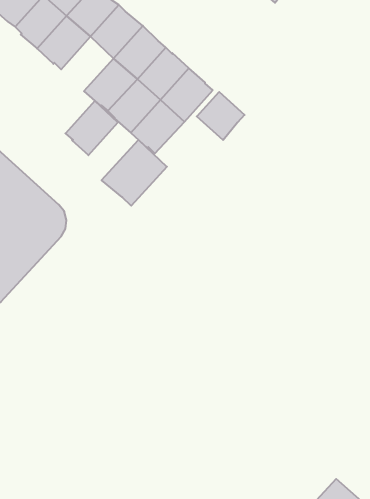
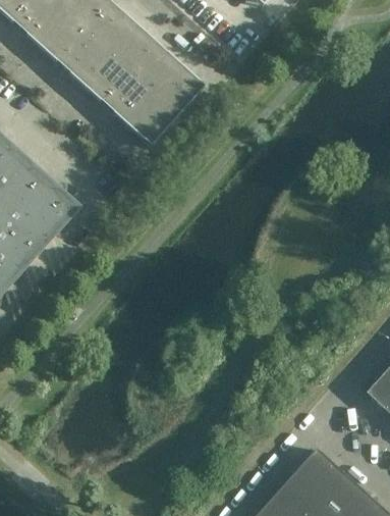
building: [197,92,245,140] -> none
building: [65,101,118,155] -> [62,36,111,87]
building: [102,140,167,206] -> none

